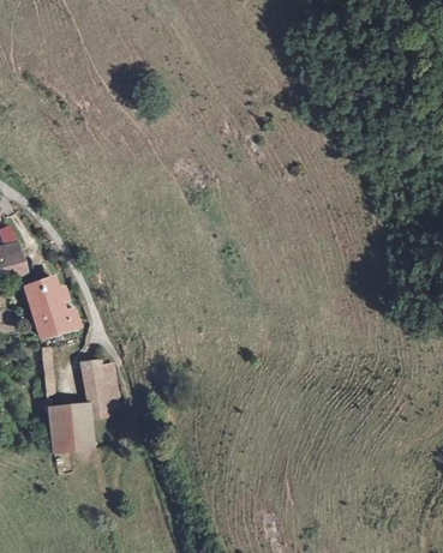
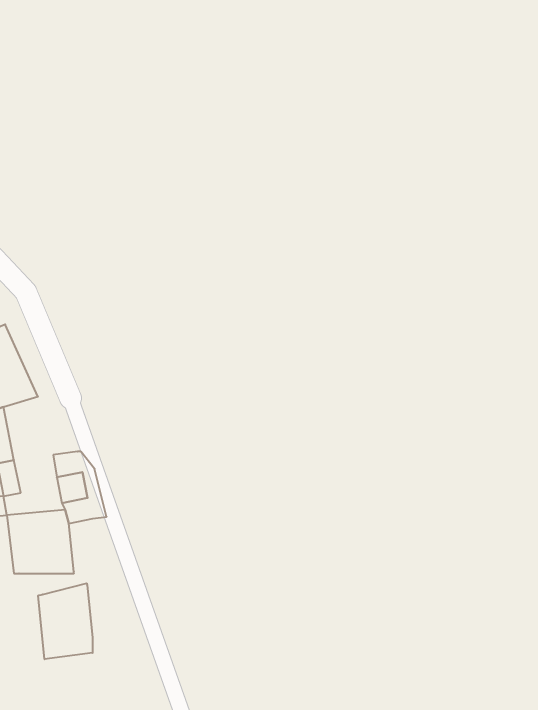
building: none -> [38,583,93,659]

